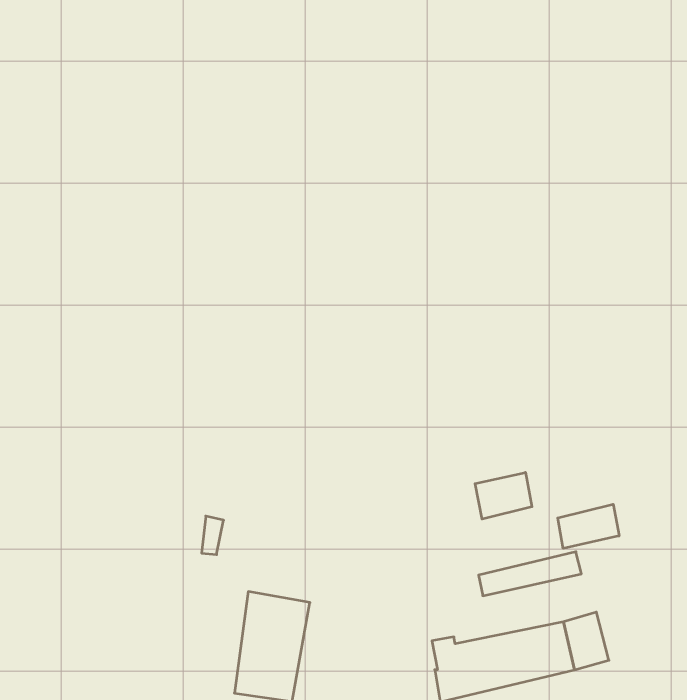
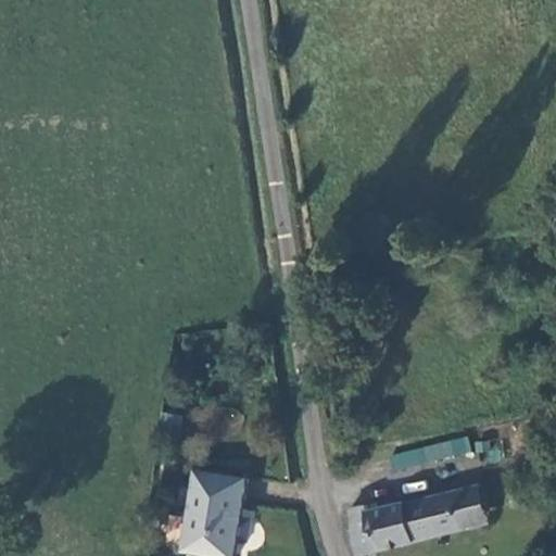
building: [475,472,532,519] -> none
building: [558,504,619,548] -> none

